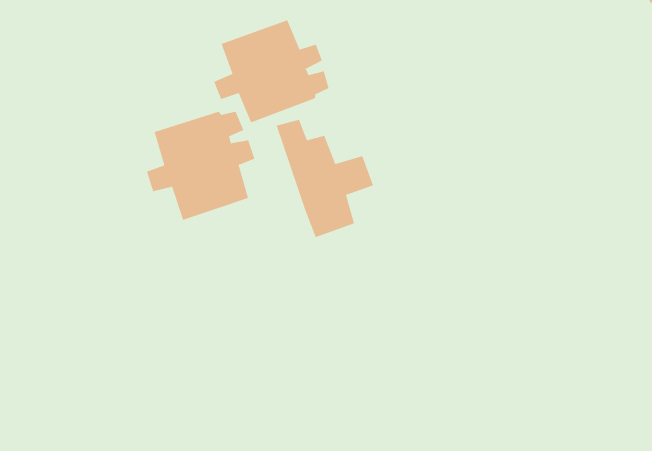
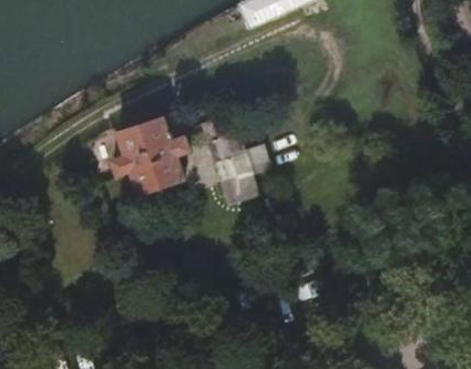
building: [214,20,329,123] -> none

